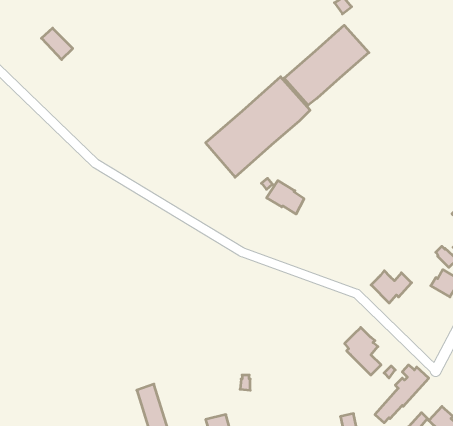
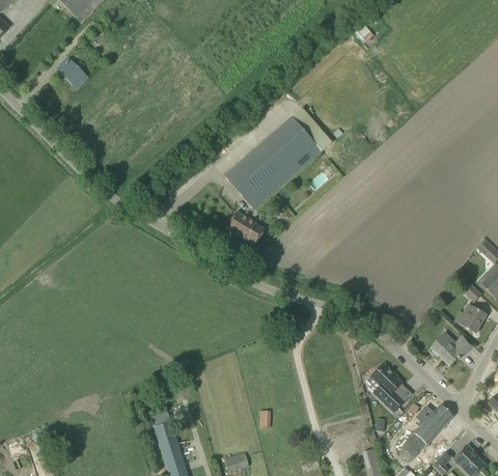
building: [284,25,369,105] -> none
building: [267,181,304,214] -> [225,211,264,245]
building: [371,271,412,303] -> [431,332,472,365]

